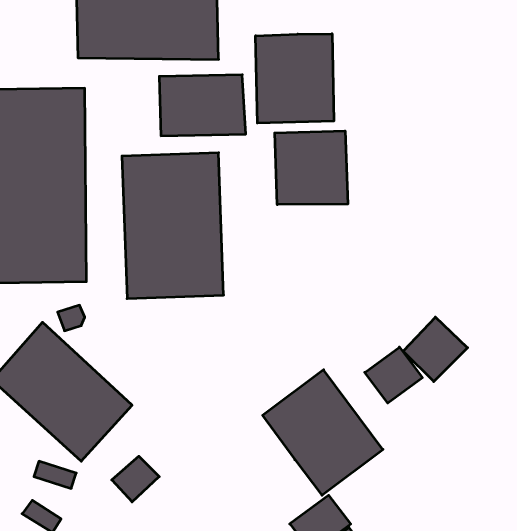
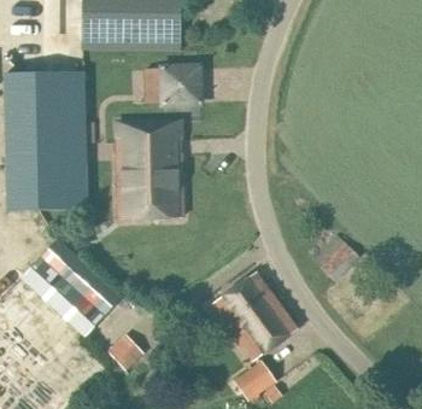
building: [256,34,334,123] -> none
building: [275,131,348,205] -> none
building: [365,347,422,403] -> none

